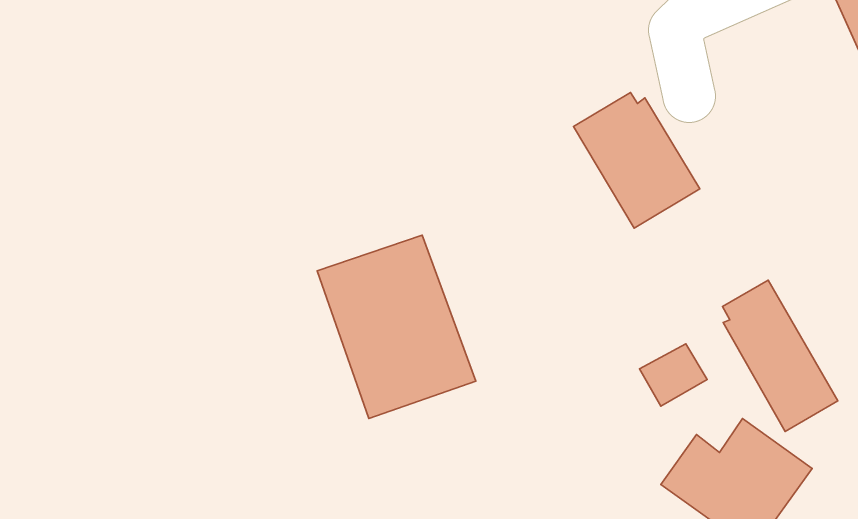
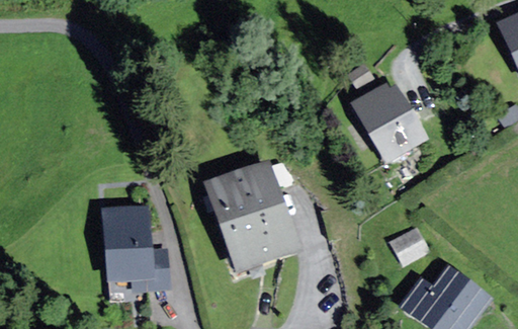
building: [723,280,838,432] -> none
building: none -> [102,207,169,291]

